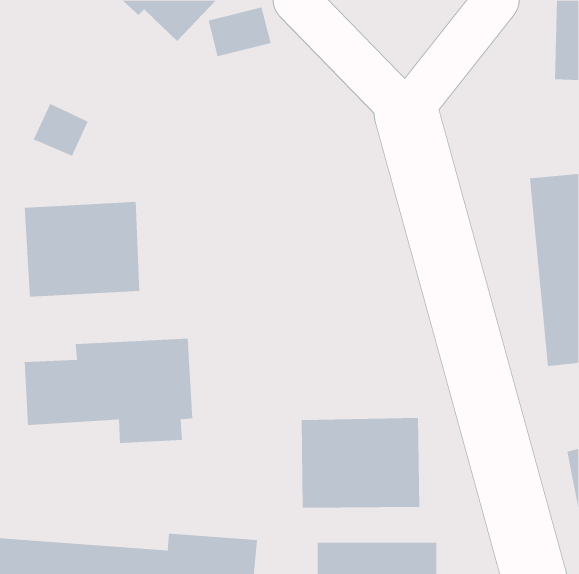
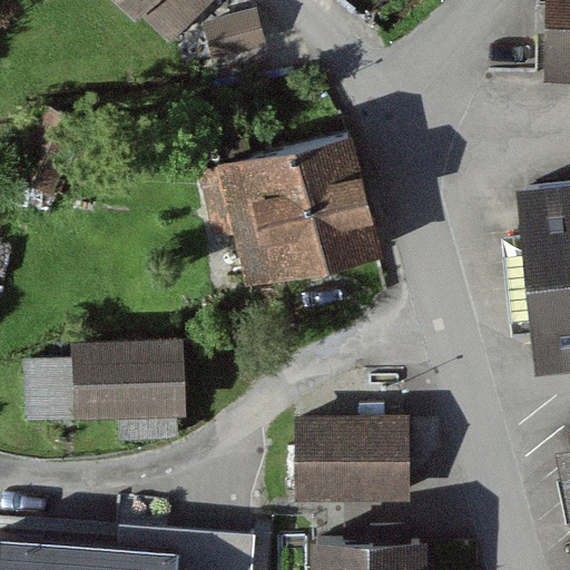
building: none -> [199,114,385,287]
building: [24,201,140,297] -> none

